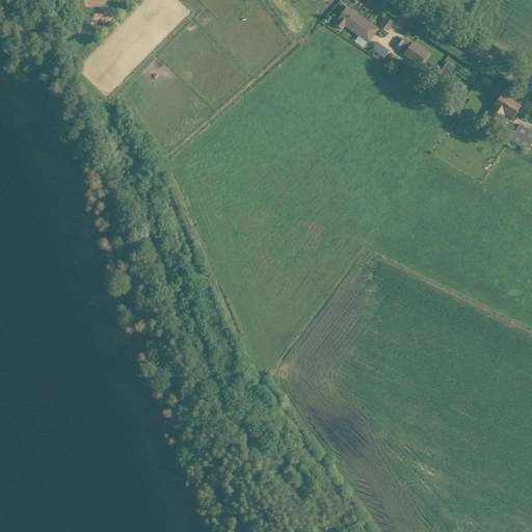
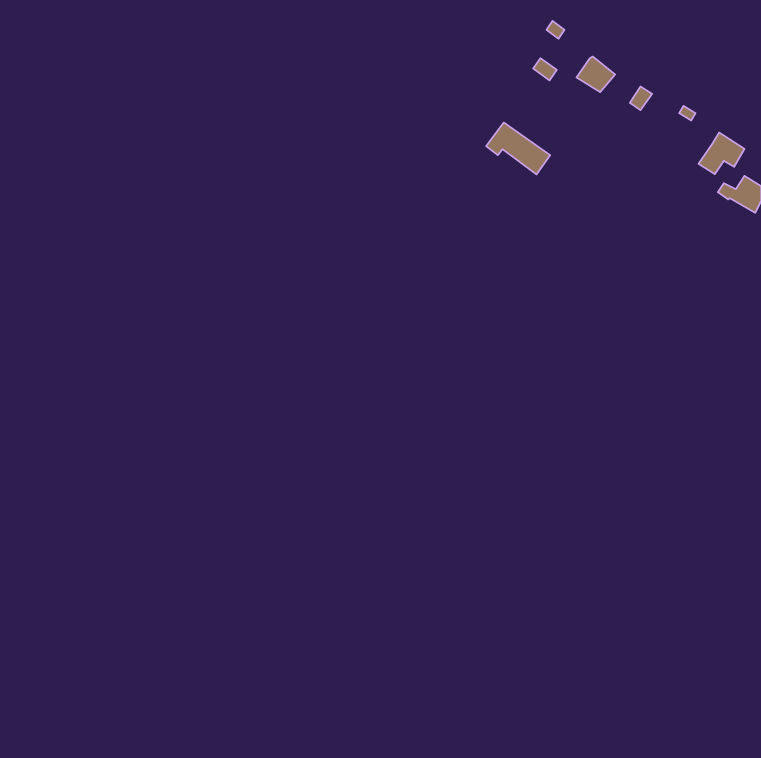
building: [334,5,378,42] -> [486,122,550,175]

